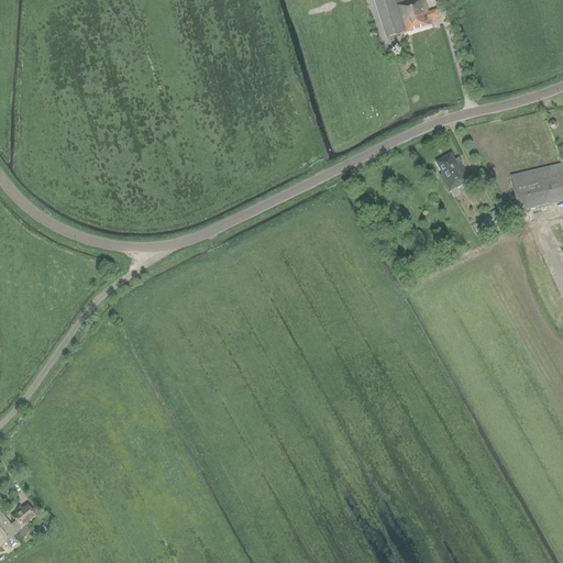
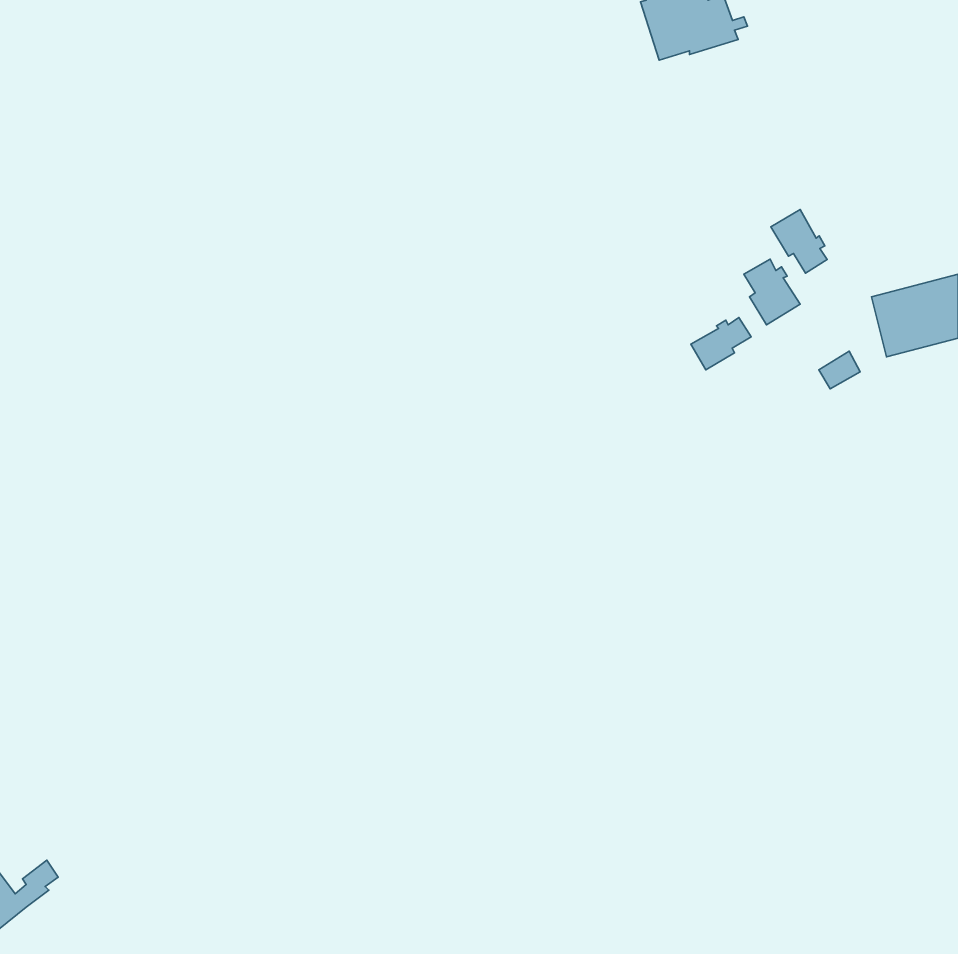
building: none -> [771,210,827,273]
building: none -> [691,318,751,370]

